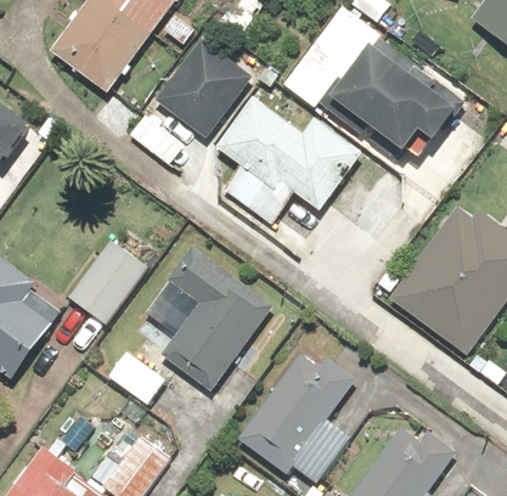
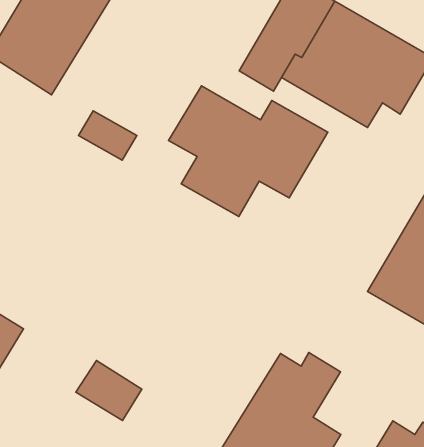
building: [152,35,253,140] -> none
building: [66,235,151,325] -> none
building: [159,252,271,389] -> none

